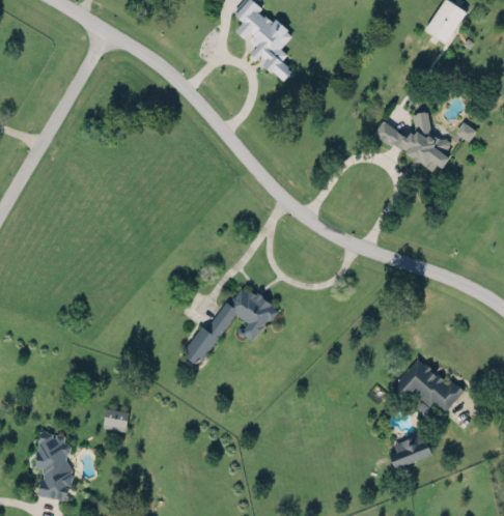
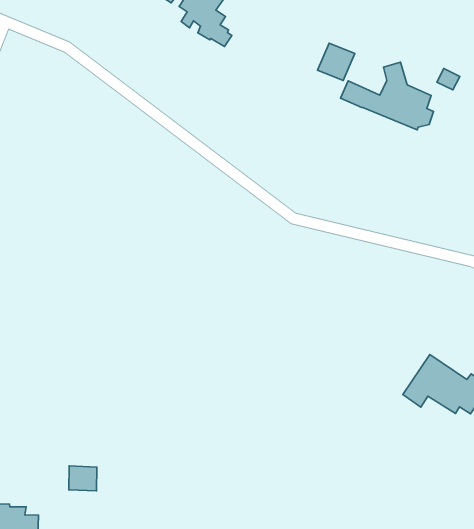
building: none -> [318,43,355,80]
building: [183,284,279,366] -> none
building: [390,434,431,467] -> none

